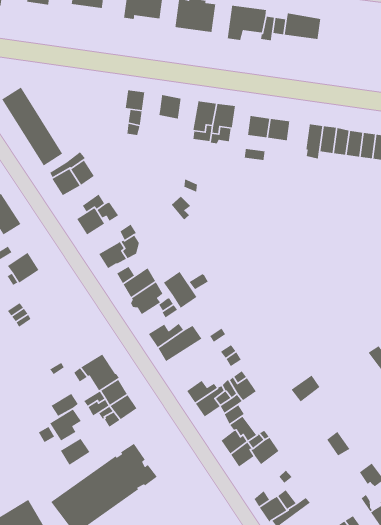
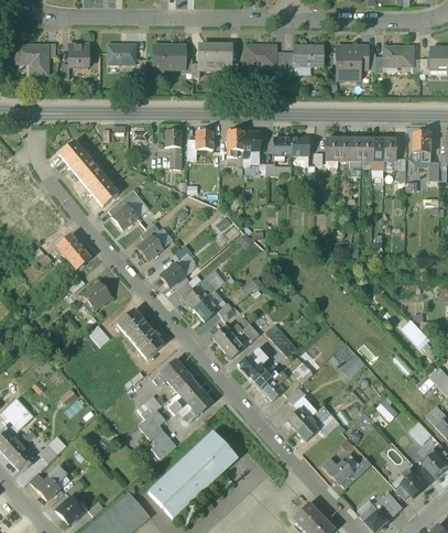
building: none -> [336,46,367,78]
building: [163,271,197,309] -> none
building: none -> [118,309,164,358]
building: none -> [237,348,266,381]

